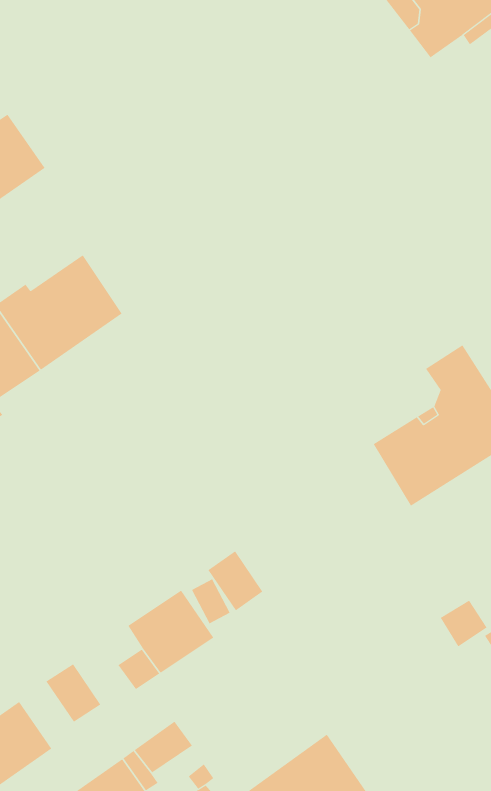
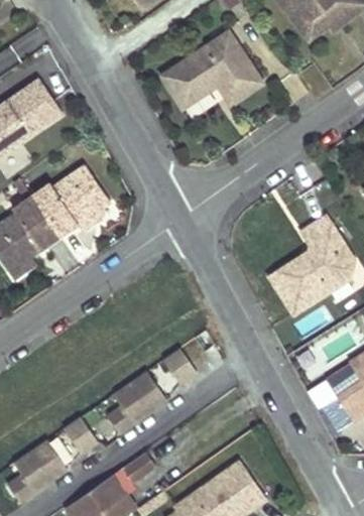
building: none -> [163,31,262,106]

